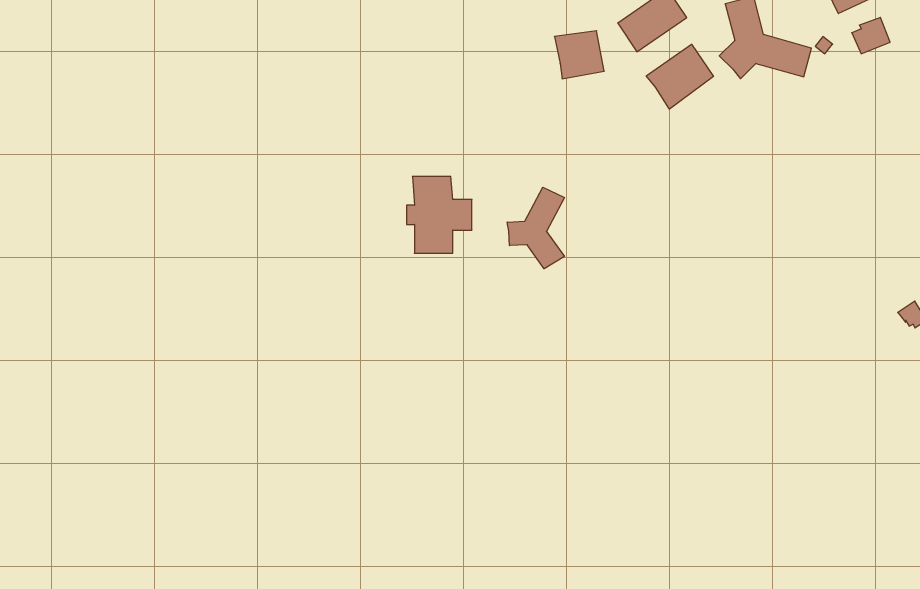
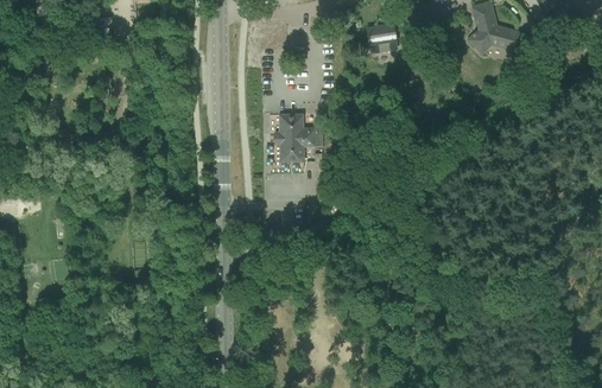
building: [646,44,713,109] -> none
building: [507,187,564,269] -> none

